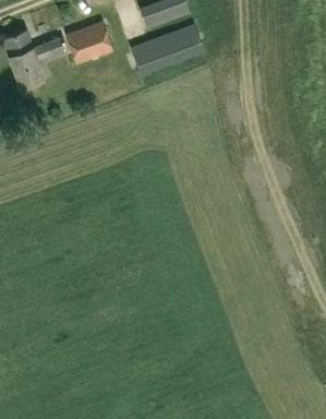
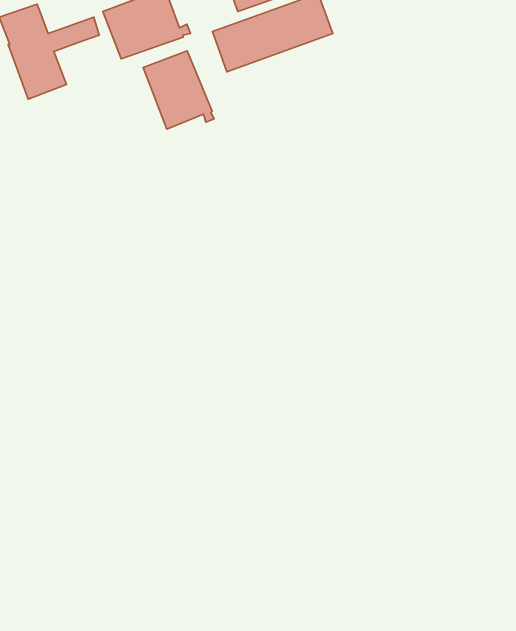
building: none -> [143,51,214,129]

